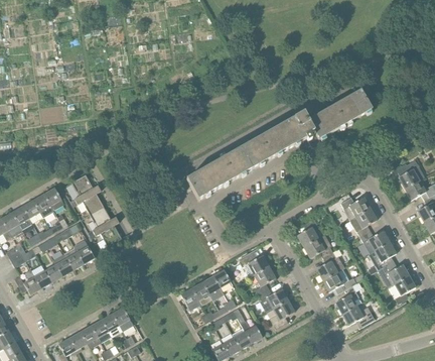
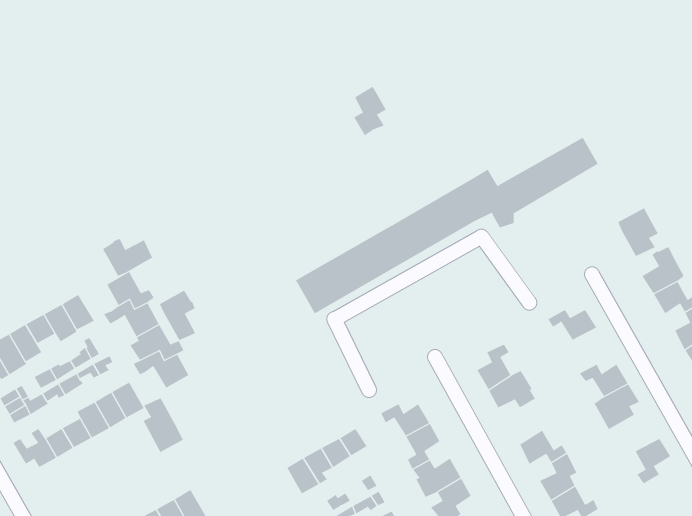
building: none -> [354,86,386,136]
building: none -> [617,207,658,257]
building: none -> [103,238,153,276]
building: none -> [159,290,196,341]
building: [349,208,378,236] -> none
building: none -> [143,398,183,453]
building: [316,251,344,279] -> none
building: [378,261,409,287] -> none

